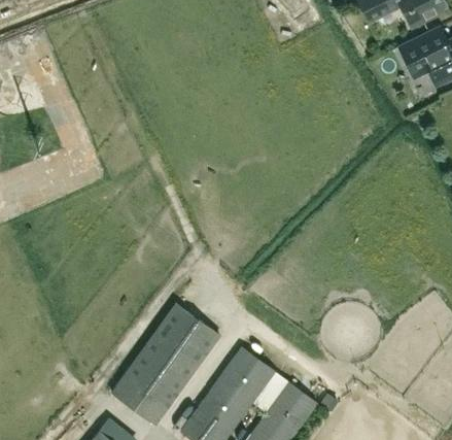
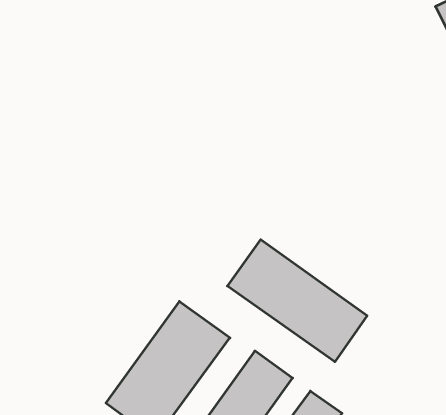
building: none -> [227,240,367,362]

